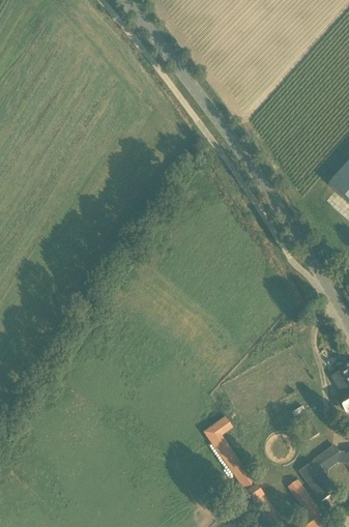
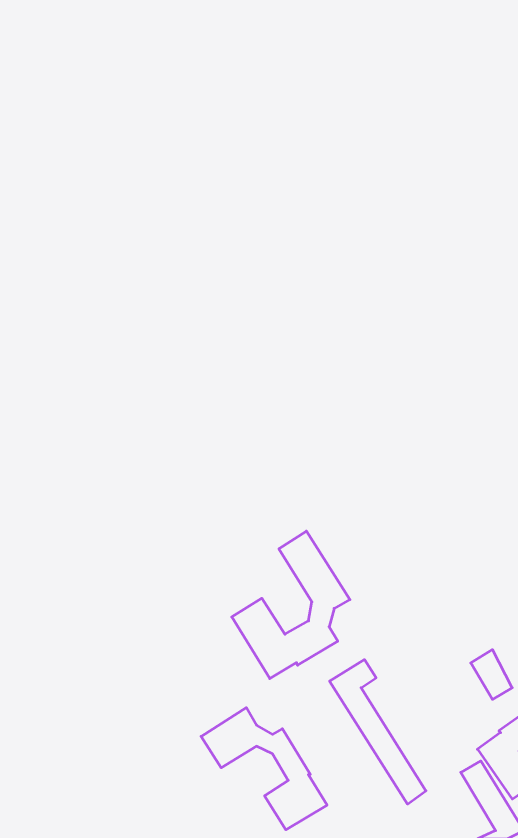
building: none -> [232,531,350,679]
building: none -> [201,708,327,830]

